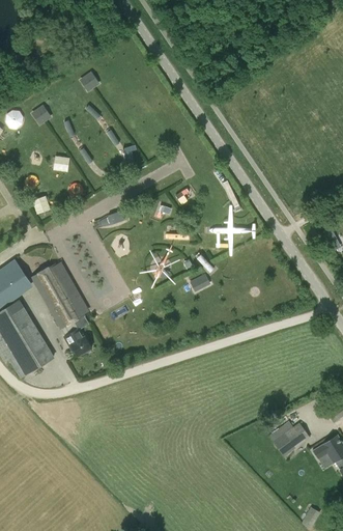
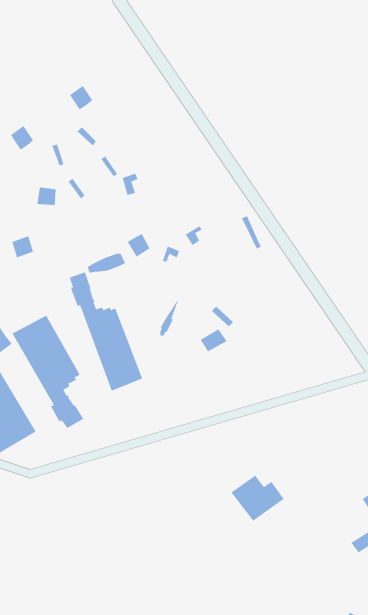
building: none -> [69,272,143,391]
building: [265,417,310,455] -> [230,475,284,521]

